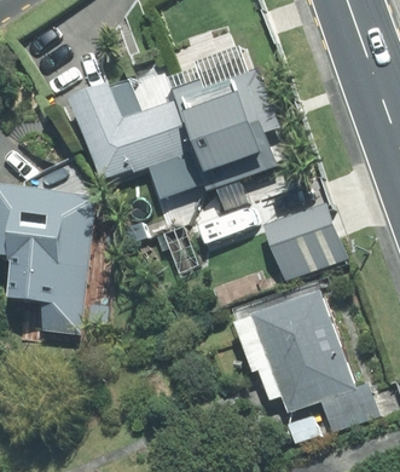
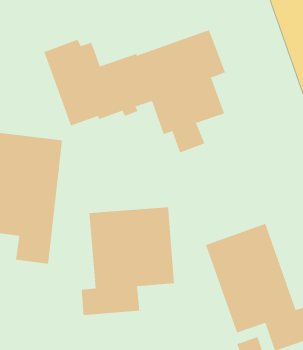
building: [261,200,342,281] -> none
building: none -> [81,207,174,316]

